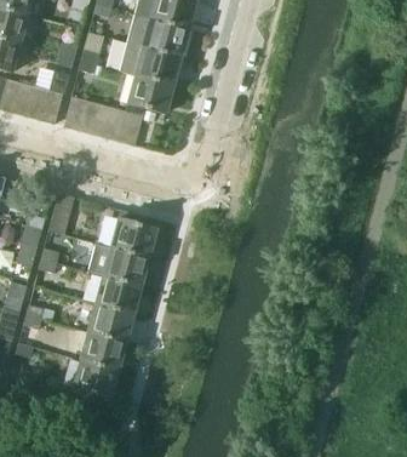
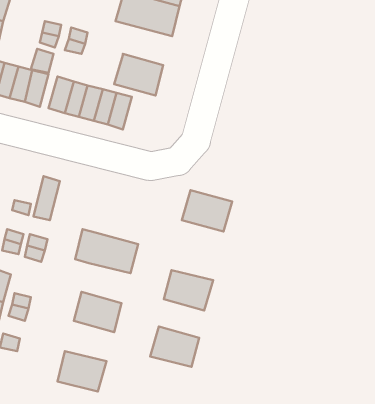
building: [120,41,182,84] -> none
building: [109,216,157,256] -> [182,190,232,232]
building: [94,274,142,313] -> [164,270,213,310]
building: [79,330,126,369] -> [150,326,199,367]

